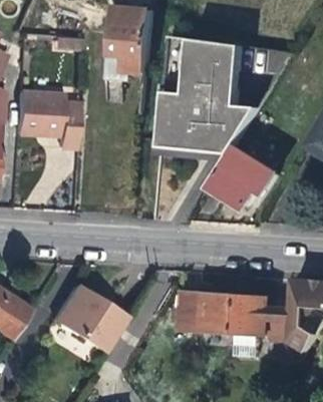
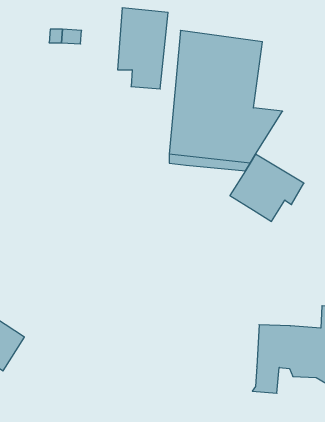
building: [15,88,75,149] -> none
building: [52,282,126,351] -> none
building: [180,292,238,333] -> none

